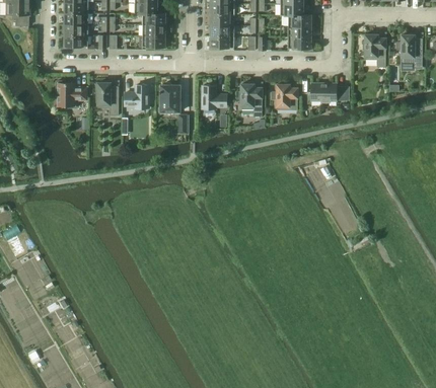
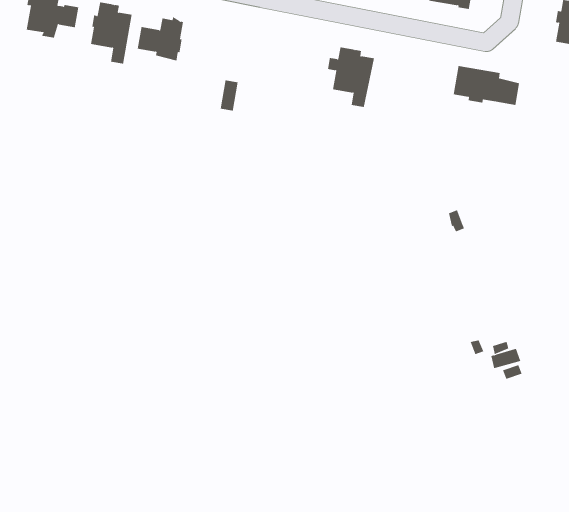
building: [157,82,179,112] -> none
building: [200,83,226,107] -> none
building: [271,83,296,108] -> none

